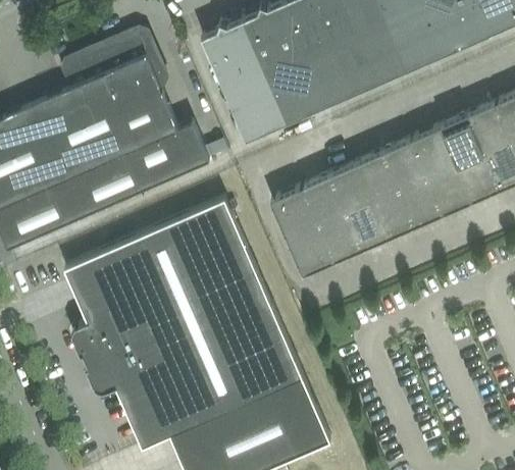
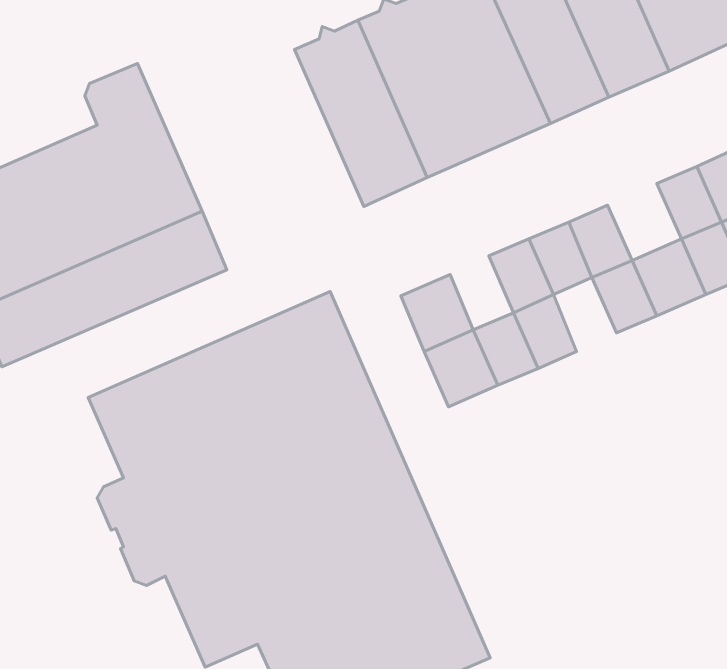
building: [97,30,209,185] -> none
building: [408,127,457,178] -> none
building: [304,175,346,224] -> none
building: [372,190,414,239] -> none

